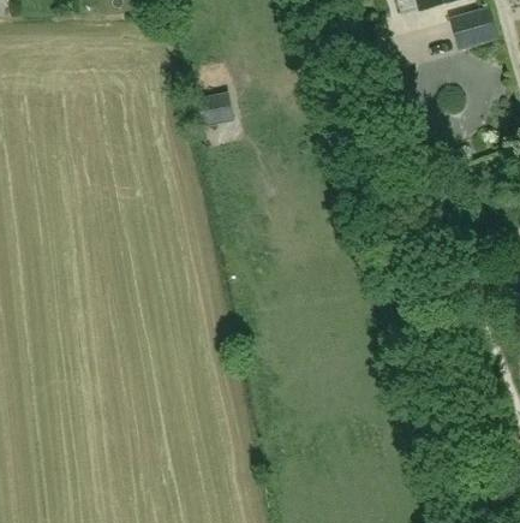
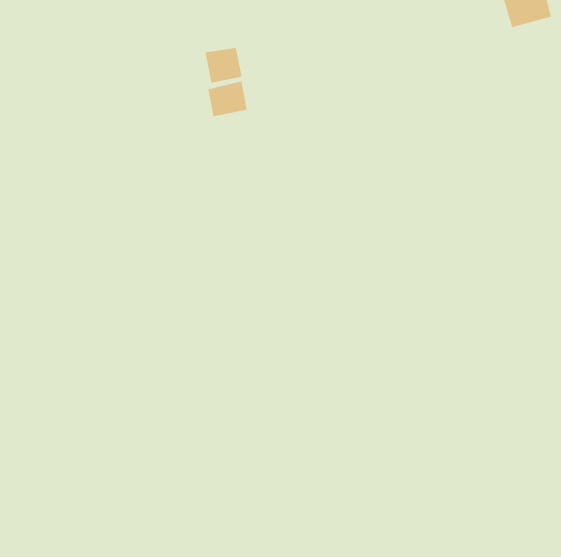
building: none -> [205,47,242,83]

